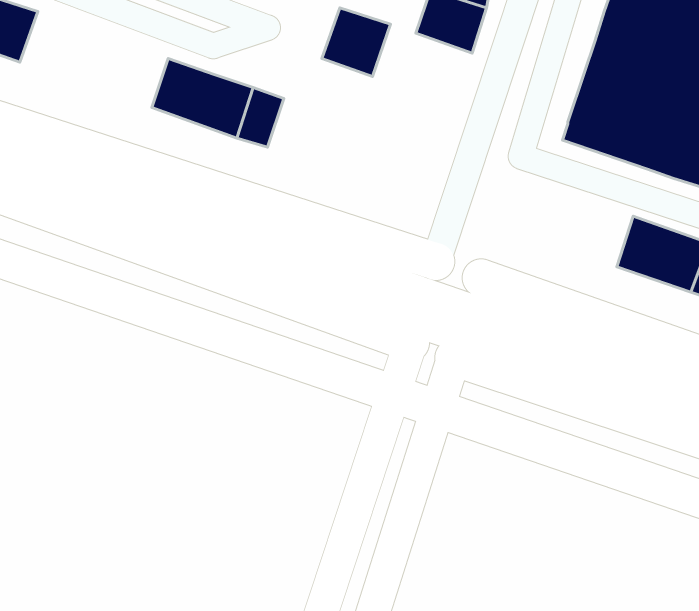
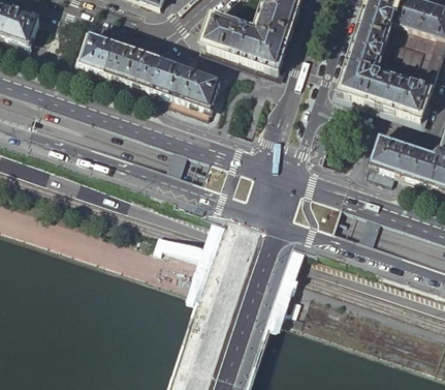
building: none -> [231,22,288,67]
building: none -> [78,32,115,69]
building: none -> [171,64,221,107]

